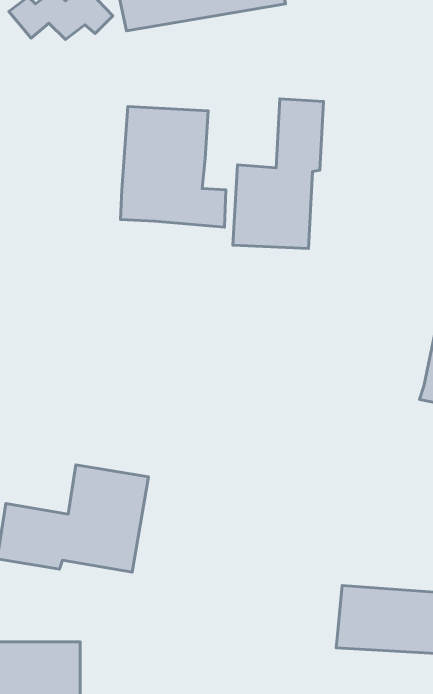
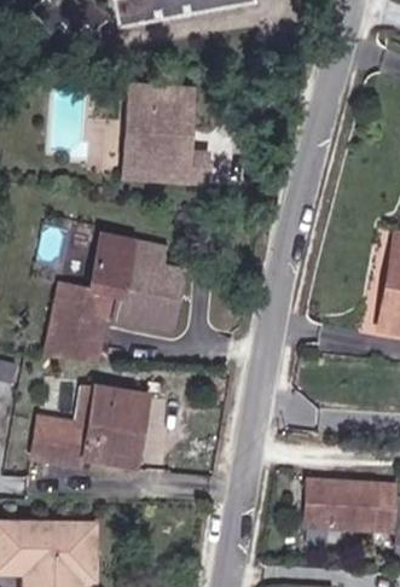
building: [233,99,324,248] -> none
building: none -> [44,244,184,366]

